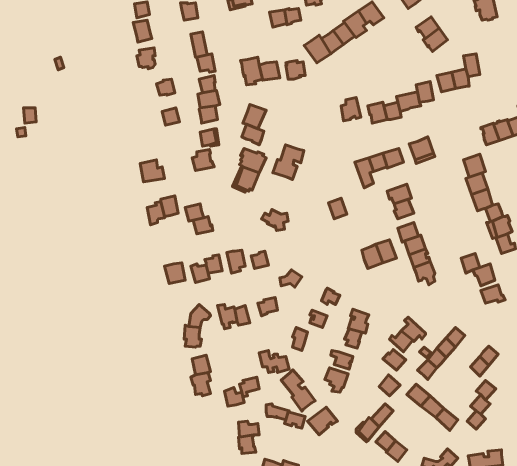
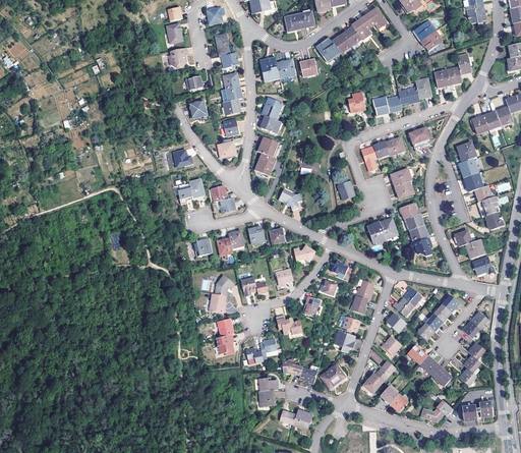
building: [273,145,304,180] -> none
building: [281,370,315,411] -> none

